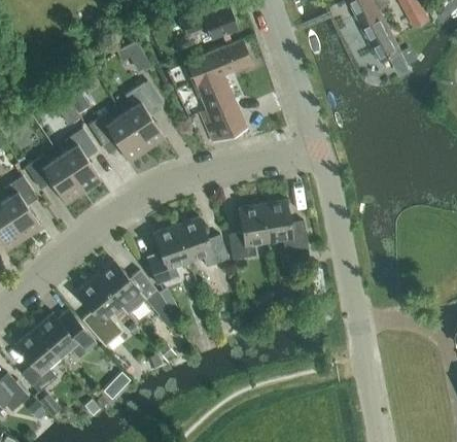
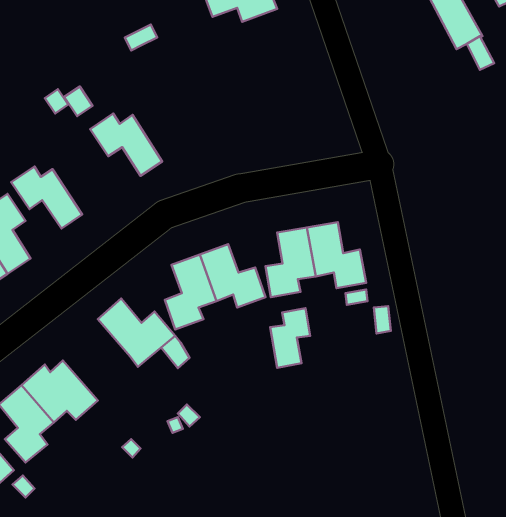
building: [186,39,252,143] -> none
building: [122,83,165,150] -> none
building: [59,129,101,193] -> none
building: none -> [270,308,310,368]
building: [76,276,122,347] -> none

